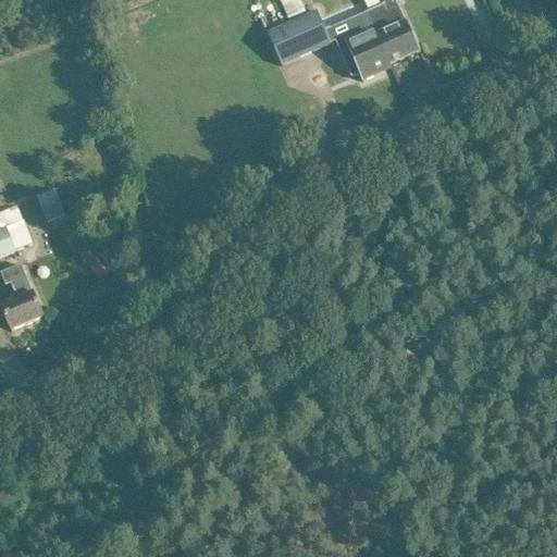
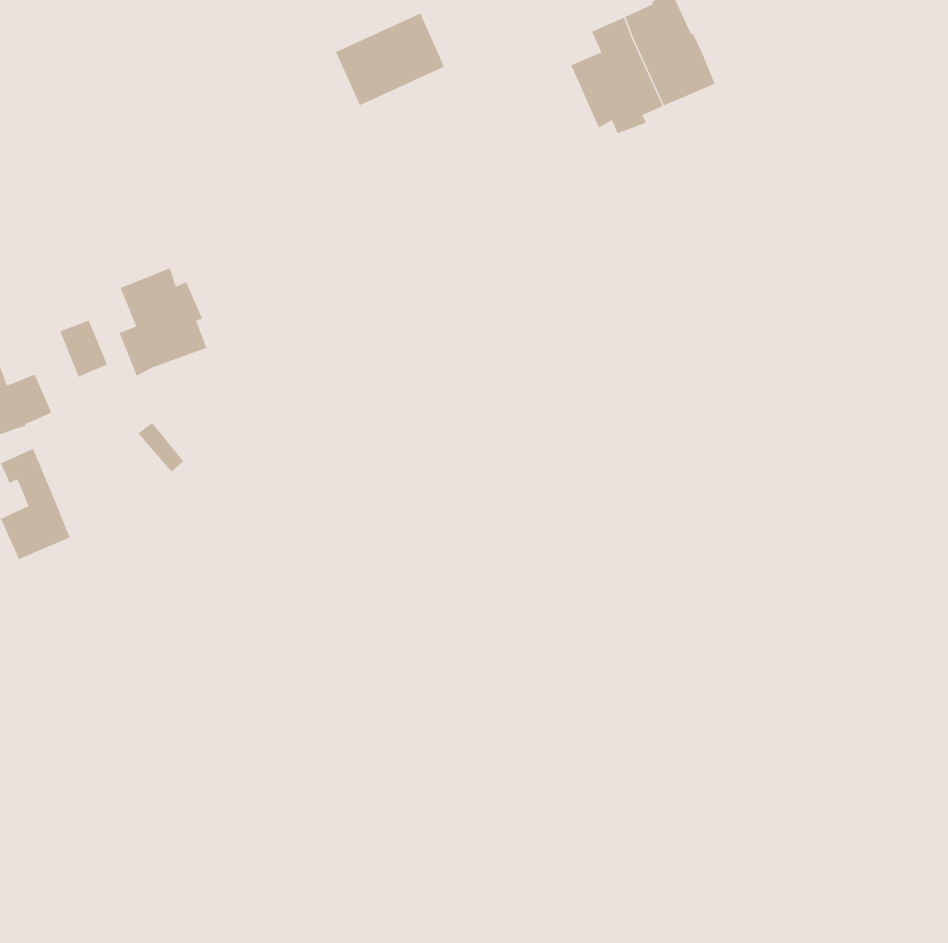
building: [267,9,331,63] -> [335,13,445,106]
building: none -> [119,268,207,376]

